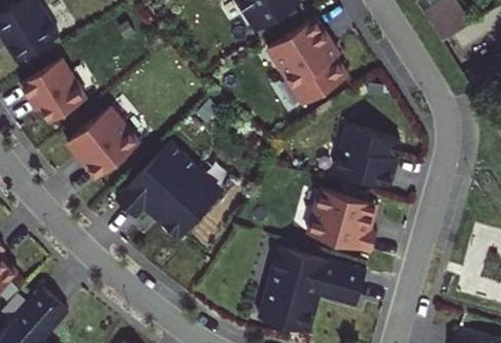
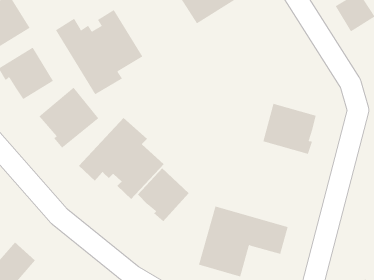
building: none -> [55,9,143,95]
building: [267,18,348,105] -> none
building: [306,188,376,252] -> none
building: none -> [137,168,190,222]

